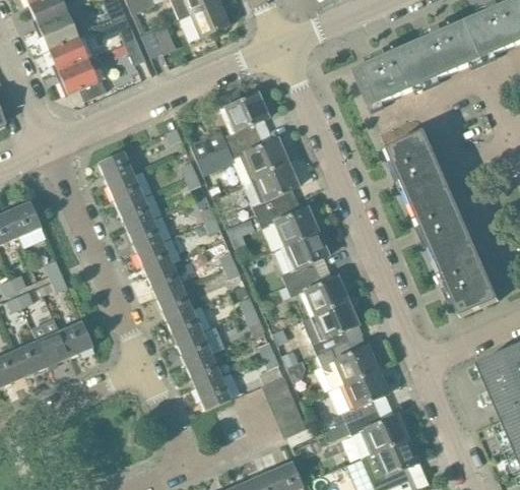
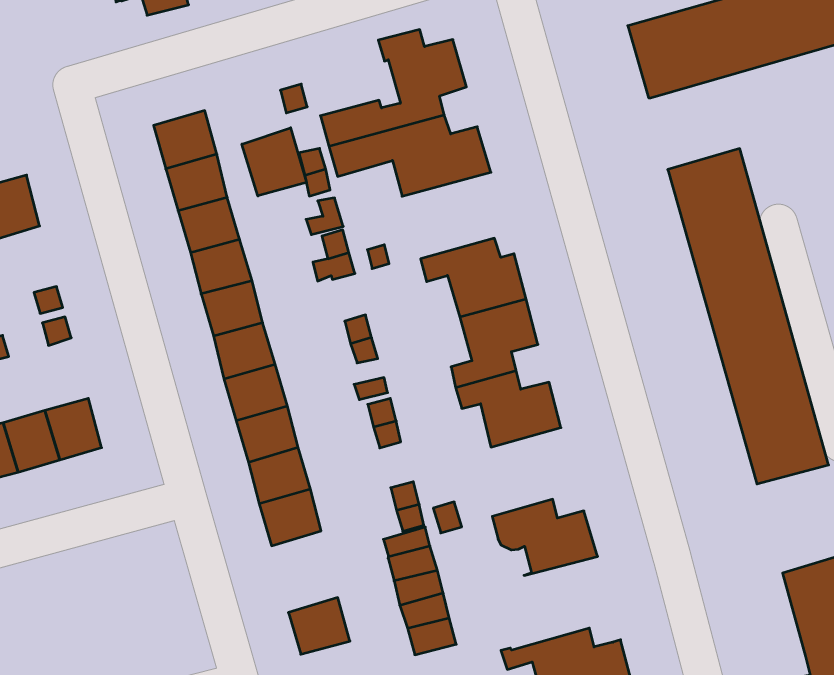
building: none -> [242,128,306,196]
building: [241,162,299,216] -> none
building: [310,299,359,354] -> none
building: [332,368,388,427] -> none
building: [195,375,232,410] -> [288,598,350,654]

